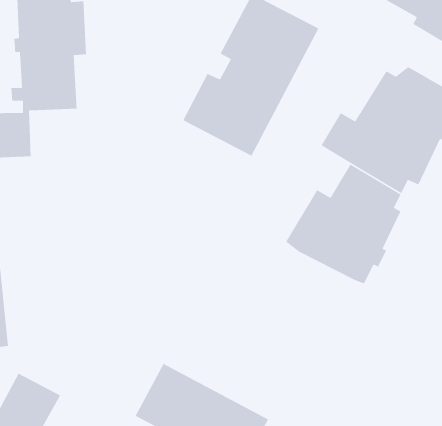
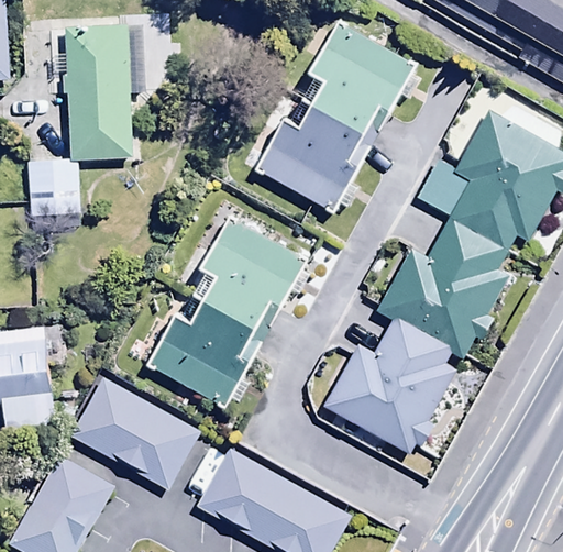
building: none -> [144,216,310,409]
building: none -> [325,320,456,451]
building: none -> [76,380,203,492]

